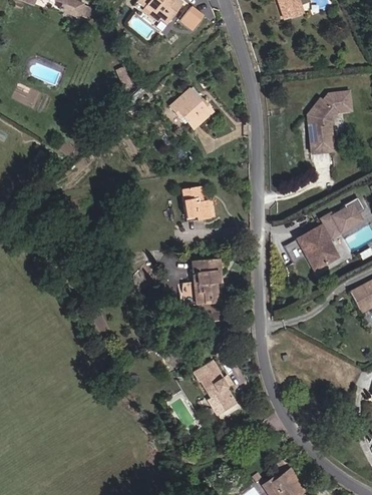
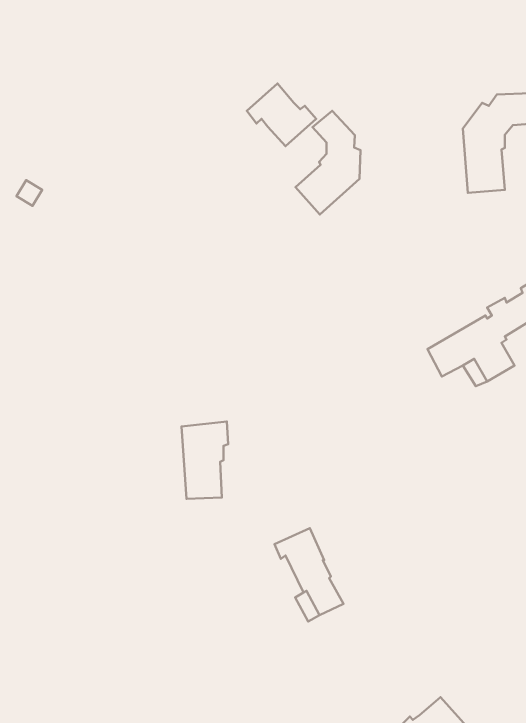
building: none -> [296,111,361,215]
building: [183,185,208,218] -> none
building: [191,258,220,306] -> [182,422,228,499]

